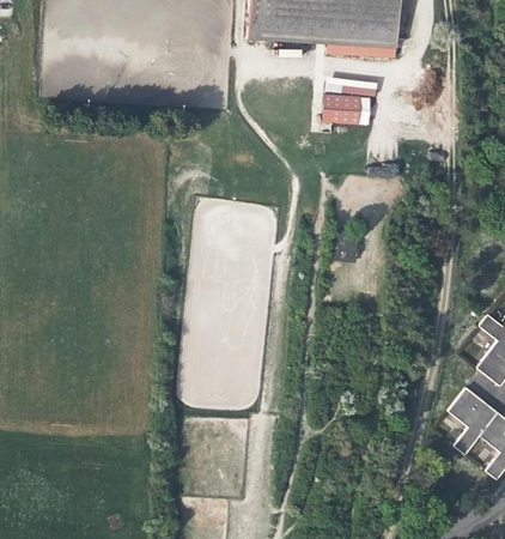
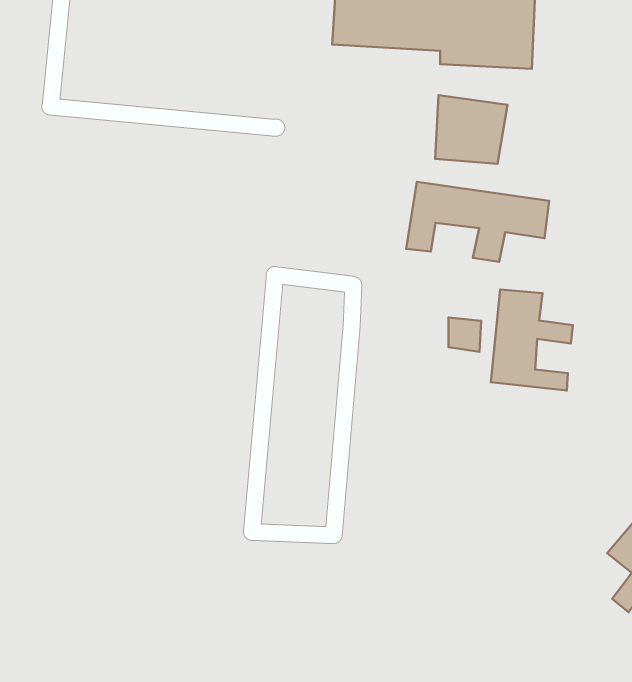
building: none -> [406,182,549,262]
building: none -> [491,289,573,391]

